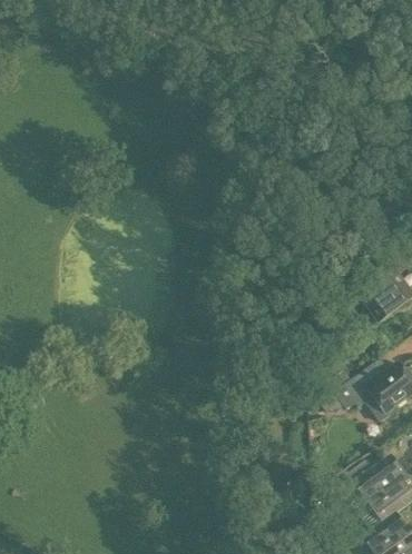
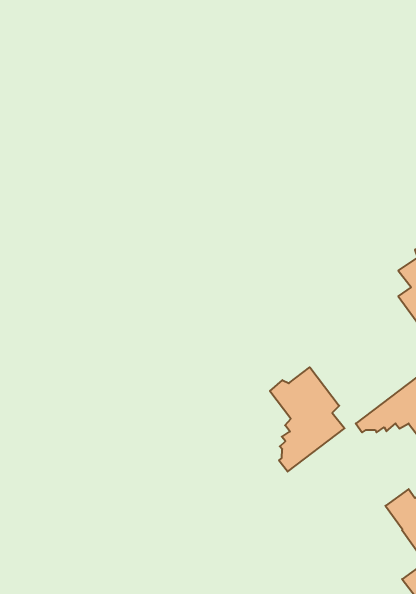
building: none -> [270,367,345,472]

